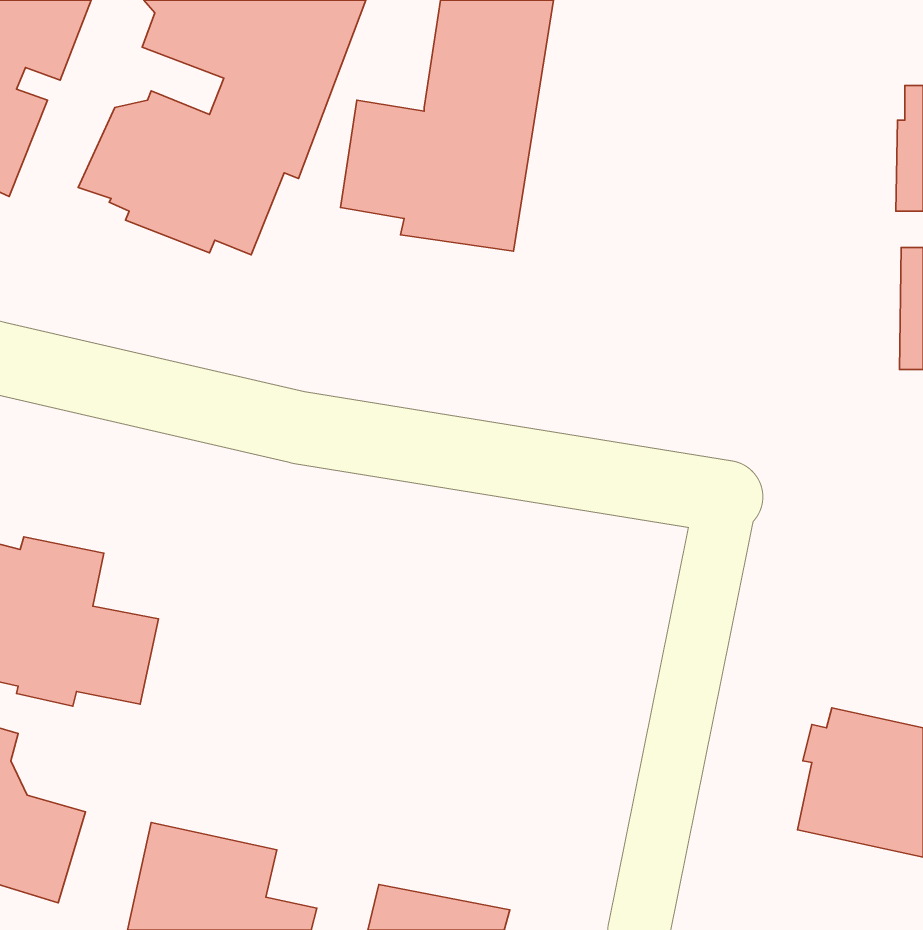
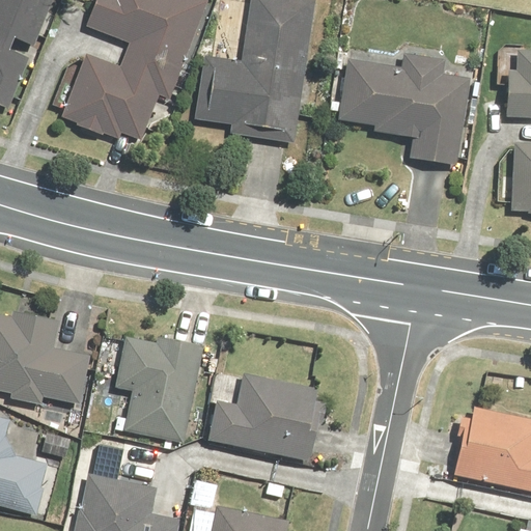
building: none -> [341,55,470,163]
building: none -> [114,332,203,441]
building: none -> [207,370,327,460]

